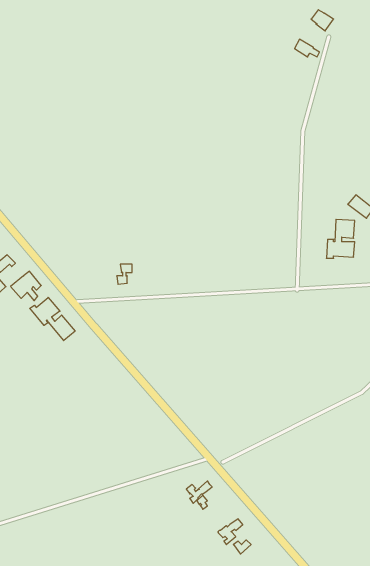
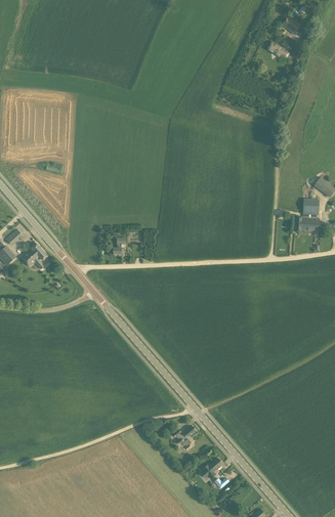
building: [30,297,75,341] -> none

